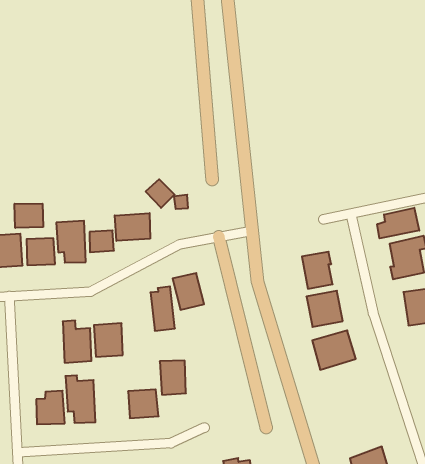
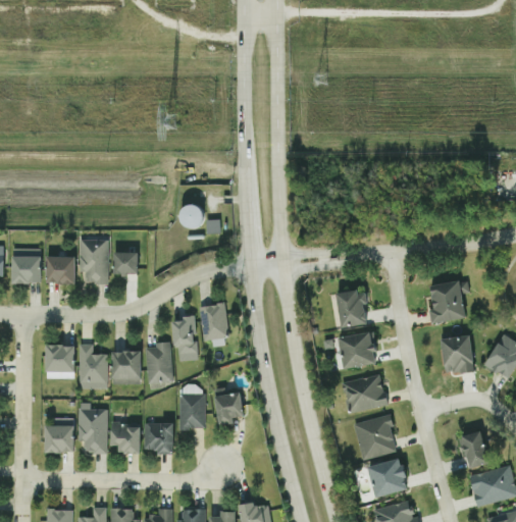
building: [15,204,43,228] -> none
building: [377,208,419,238] -> none
building: [115,213,150,241] -> none
building: none -> [144,342,172,383]
building: none -> [45,345,74,379]
building: none -> [213,387,244,425]
building: none -> [353,414,396,461]
building: none -> [110,424,140,453]
building: none -> [367,458,408,498]

